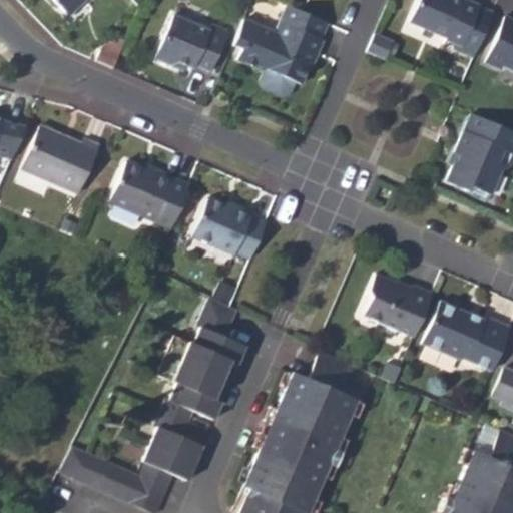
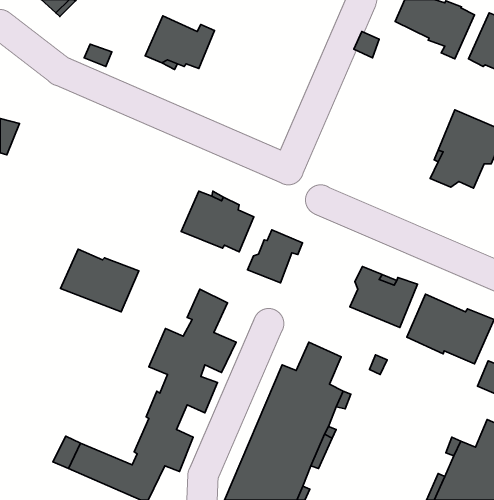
building: [235,5,329,95] -> none
building: [22,126,100,191] -> none
building: [110,163,190,227] -> [60,249,139,312]
building: none -> [248,230,303,283]

